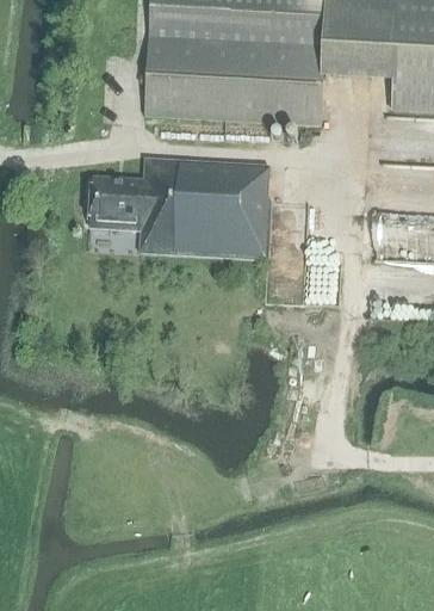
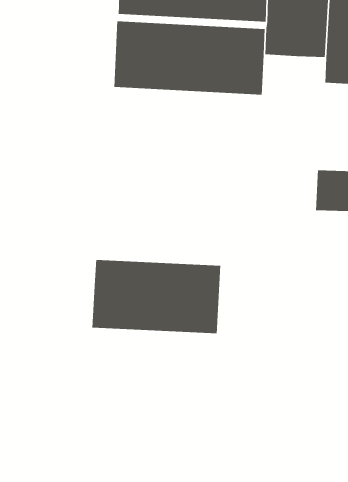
building: [88,158,268,258] -> none
building: none -> [92,259,221,334]

